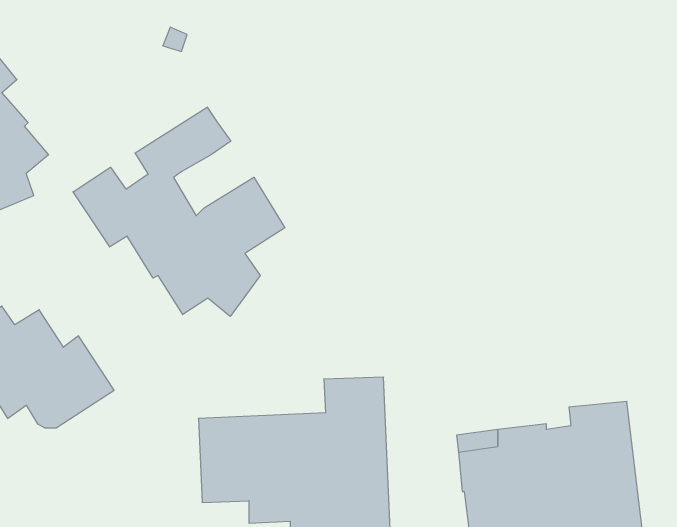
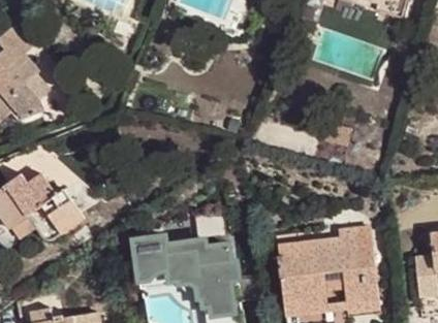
building: [73,107,285,316] -> none

